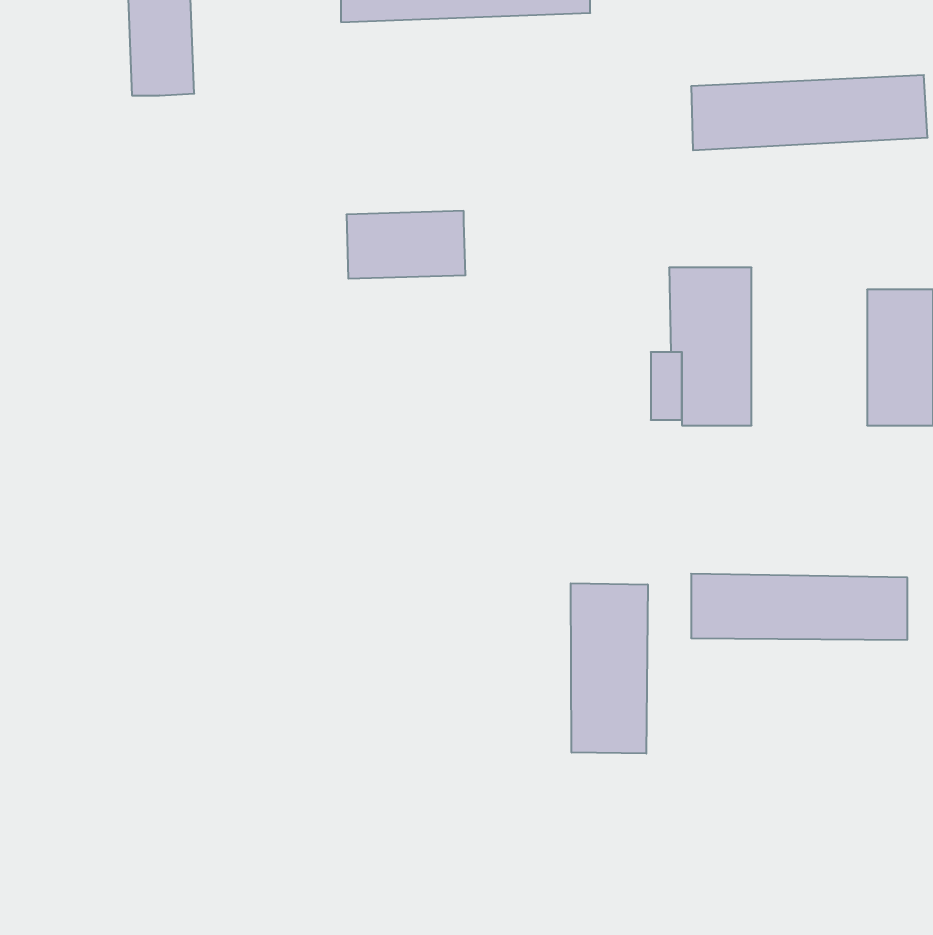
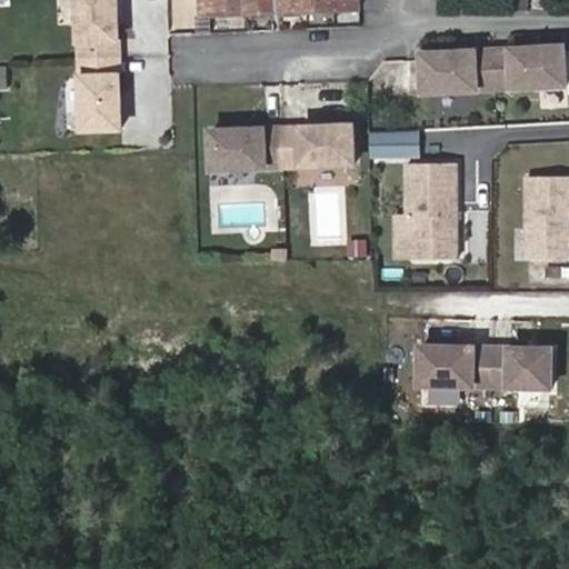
building: none -> [80,57,120,128]
building: none -> [281,124,353,167]
building: none -> [366,129,416,159]
building: [571,583,648,754] -> none

